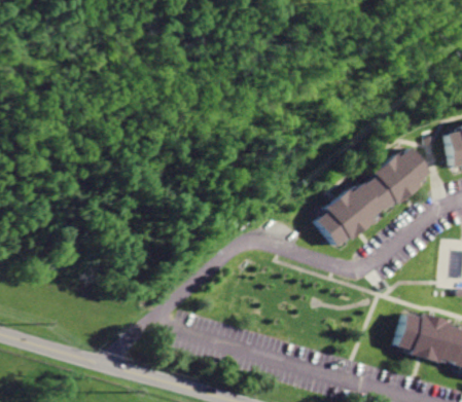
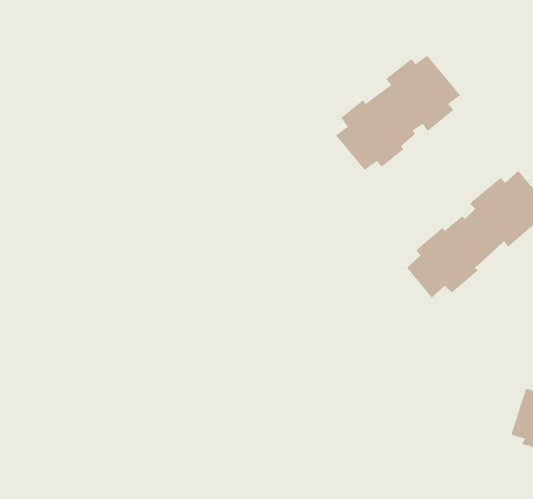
building: none -> [335,55,461,171]

